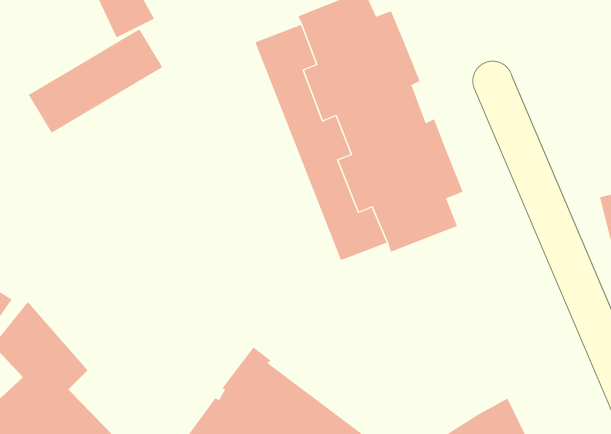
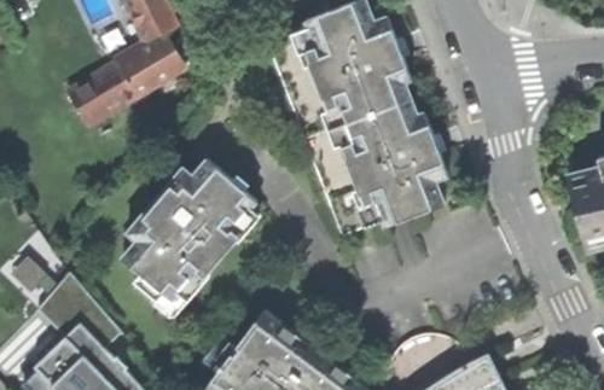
building: none -> [122,158,256,302]

